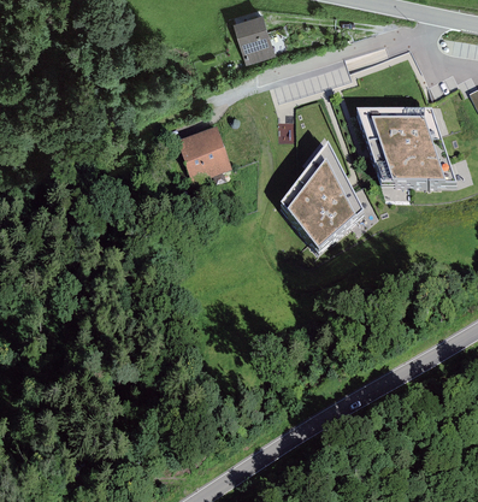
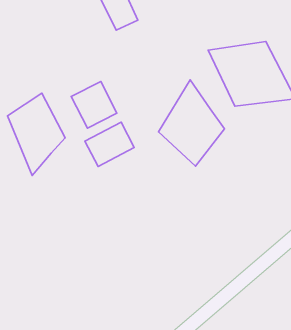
building: none -> [8,93,65,176]
building: none -> [85,122,134,166]

